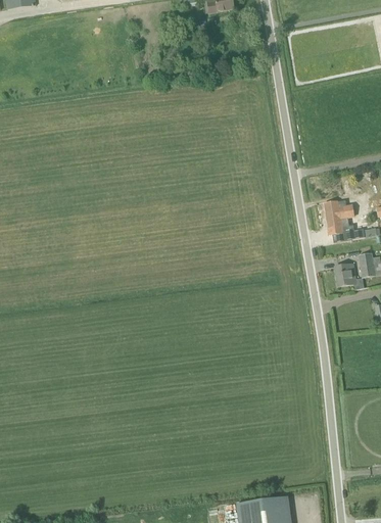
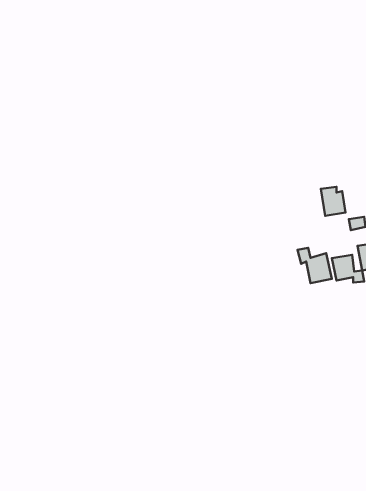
building: none -> [297,248,332,283]

